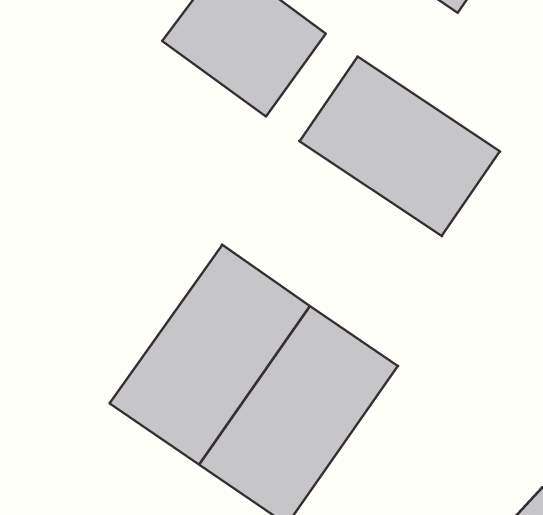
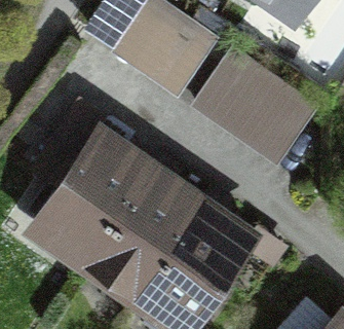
building: none -> [38,131,155,258]

